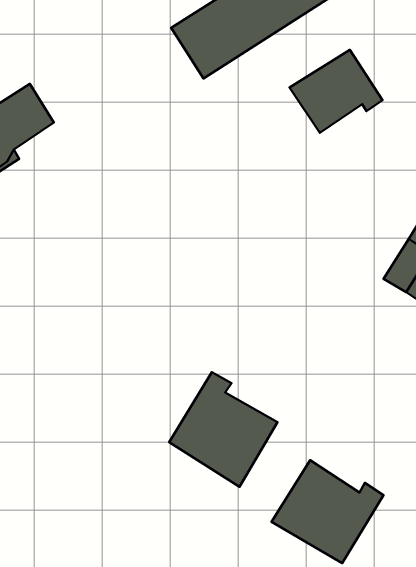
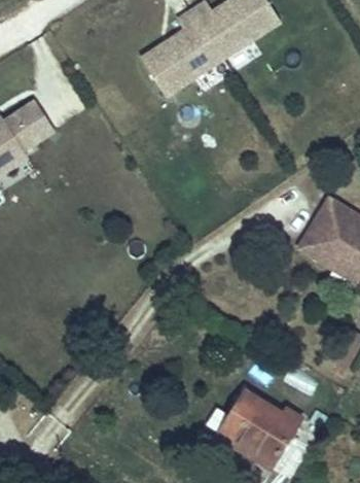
building: [289,50,382,133] -> none
building: [169,372,277,487] -> none

